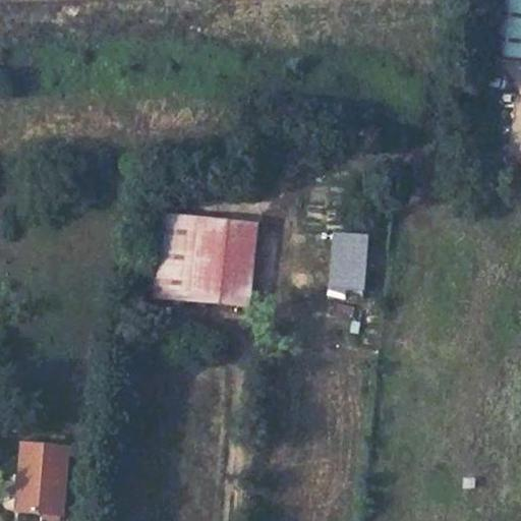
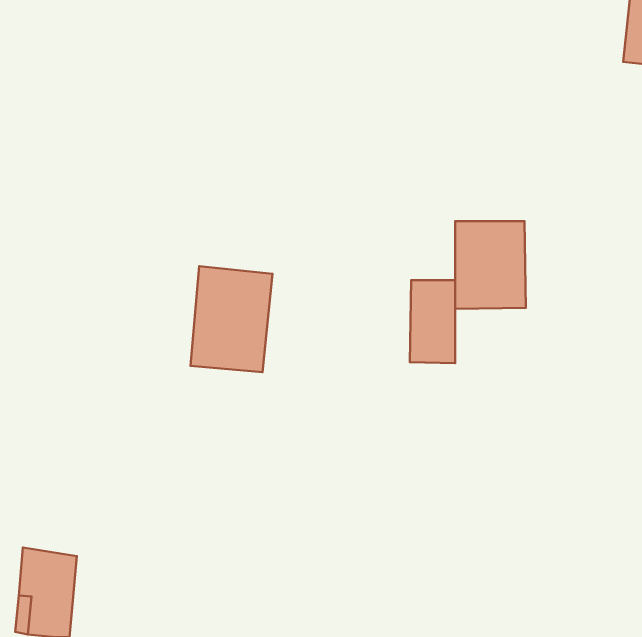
building: none -> [455,221,526,309]
building: [214,221,258,304] -> none

